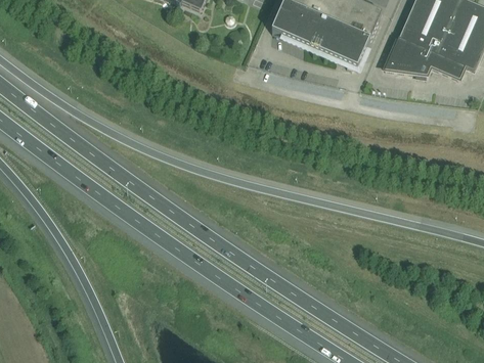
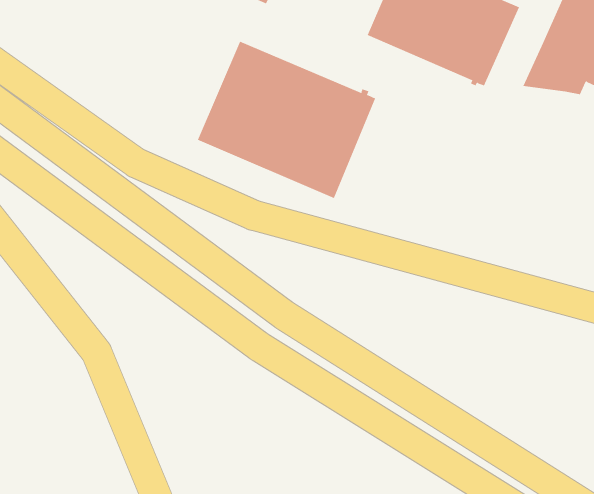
building: none -> [197,41,376,199]

